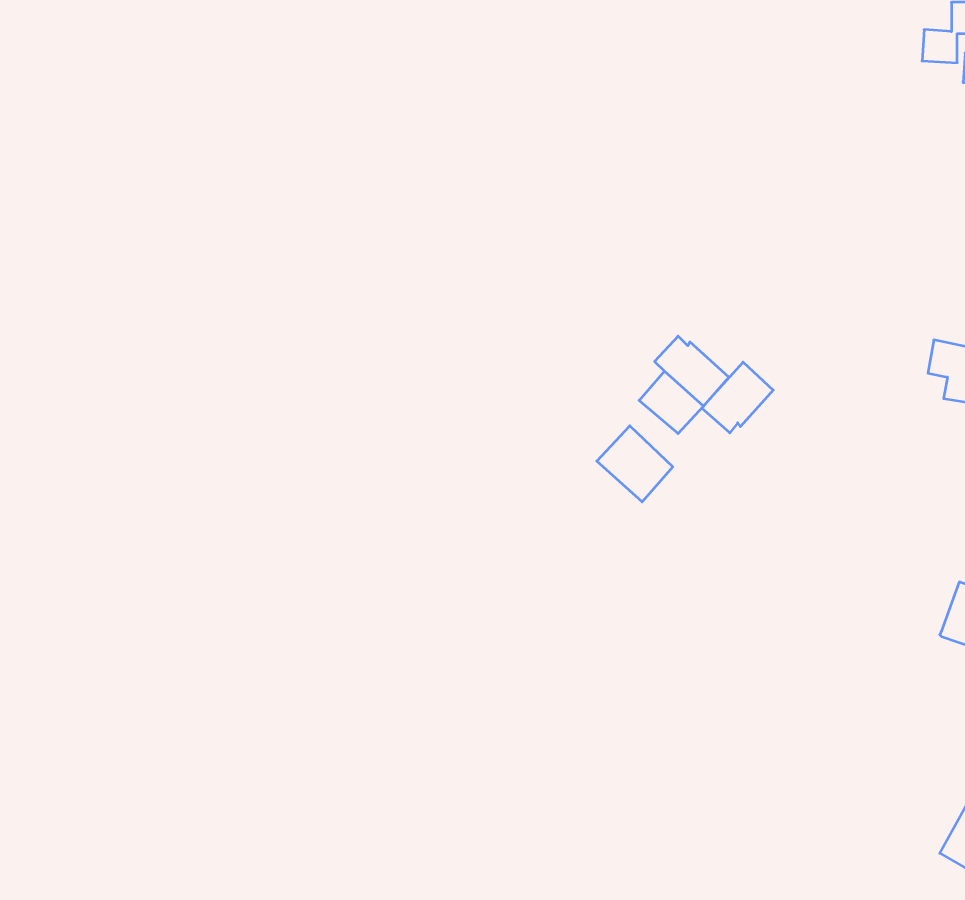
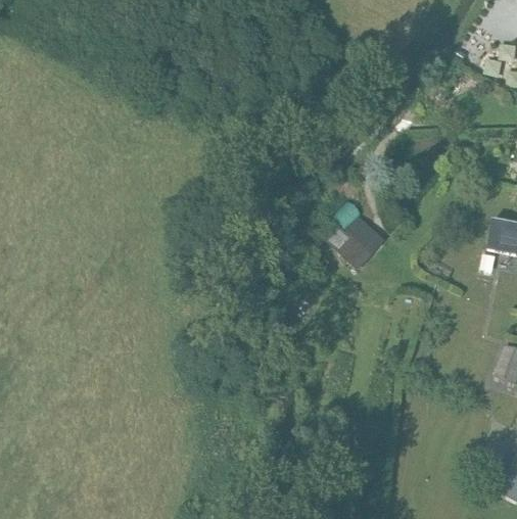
building: [702,362,773,433] -> none
building: [597,426,673,502] -> none

